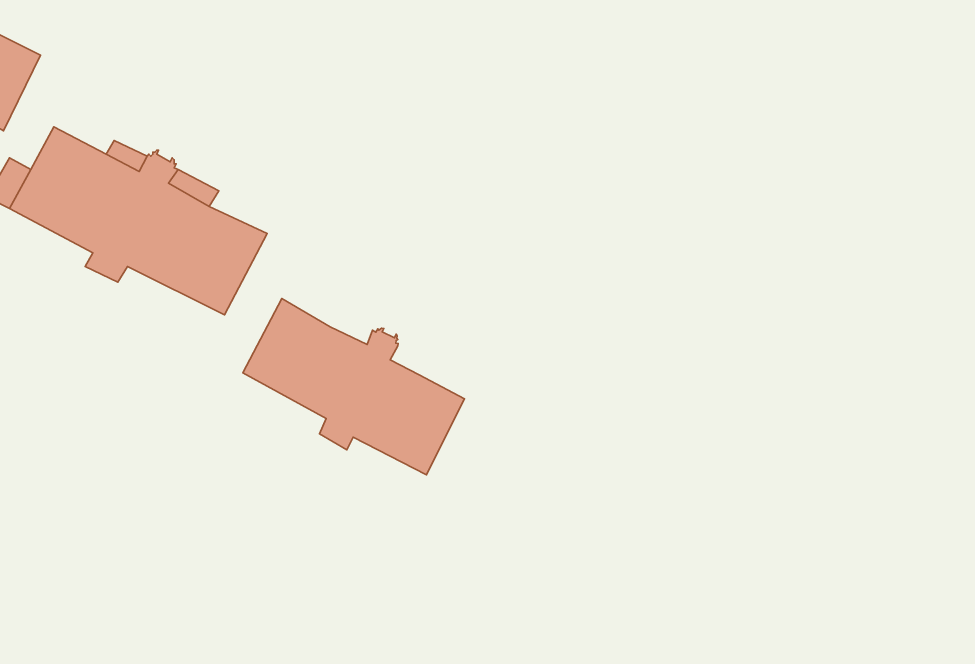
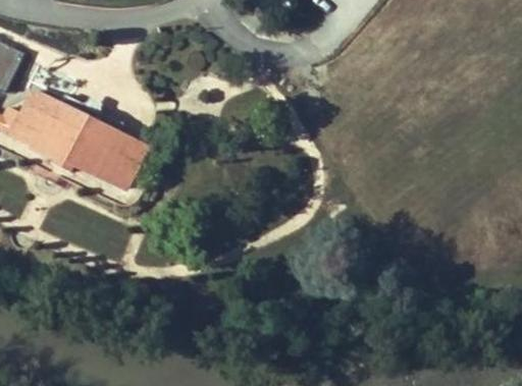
building: [243,299,465,475] -> none

